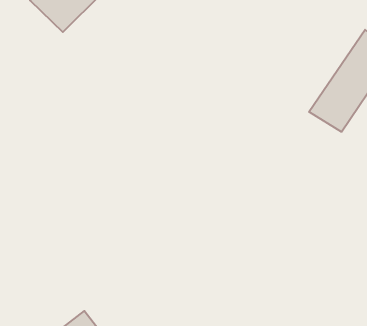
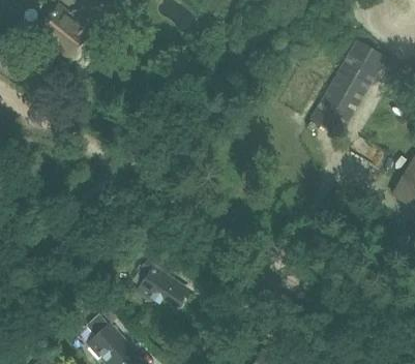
building: none -> [140,265,187,309]

